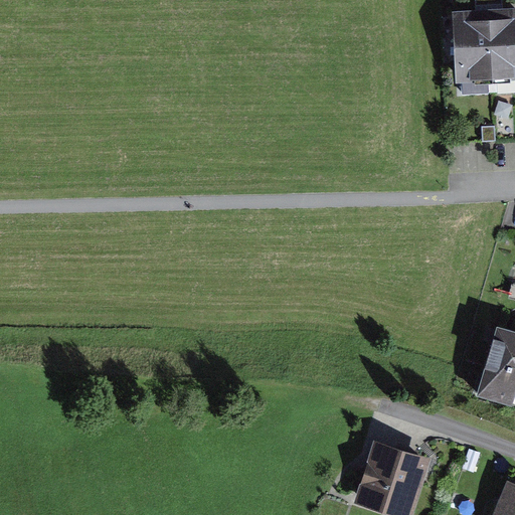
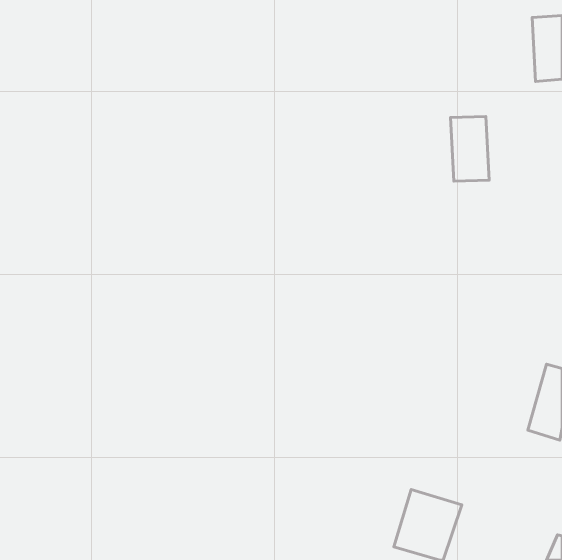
building: [455,16,490,75] -> [451,116,489,181]

